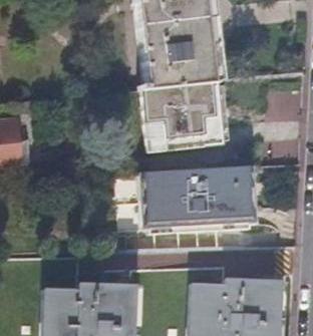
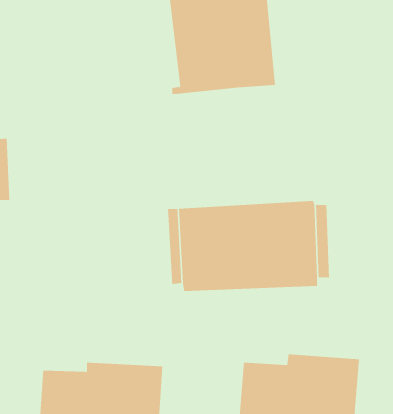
building: [141,79,223,149] -> none

